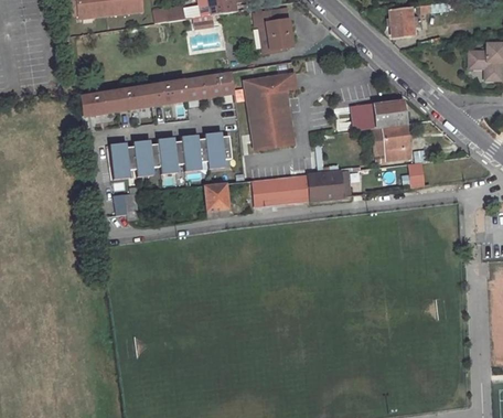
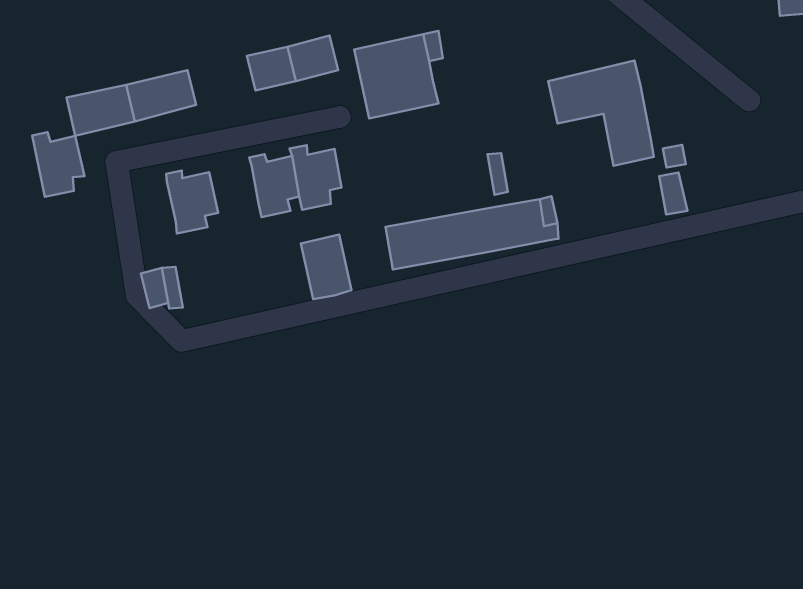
building: [149,79,186,105] -> none
building: [249,115,292,150] -> none
building: [157,138,183,174] -> none
building: [108,143,136,180] -> [32,132,84,197]

